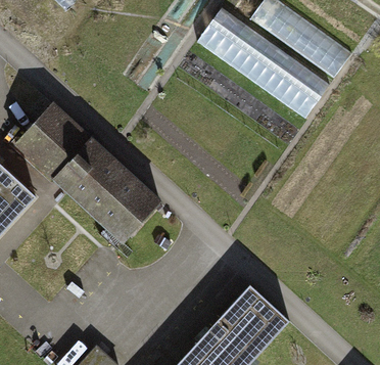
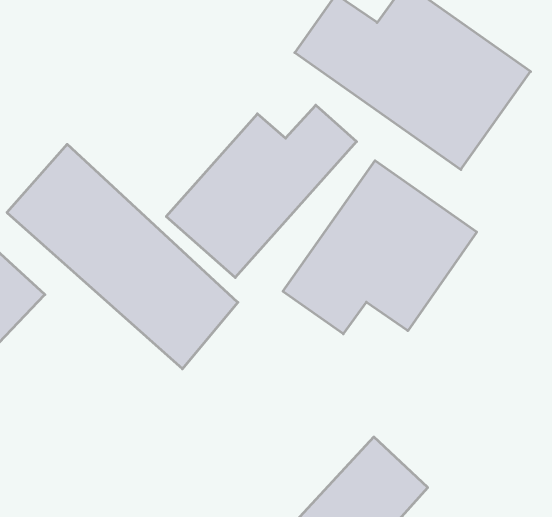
building: none -> [166,105,357,278]
building: none -> [283,161,477,334]

